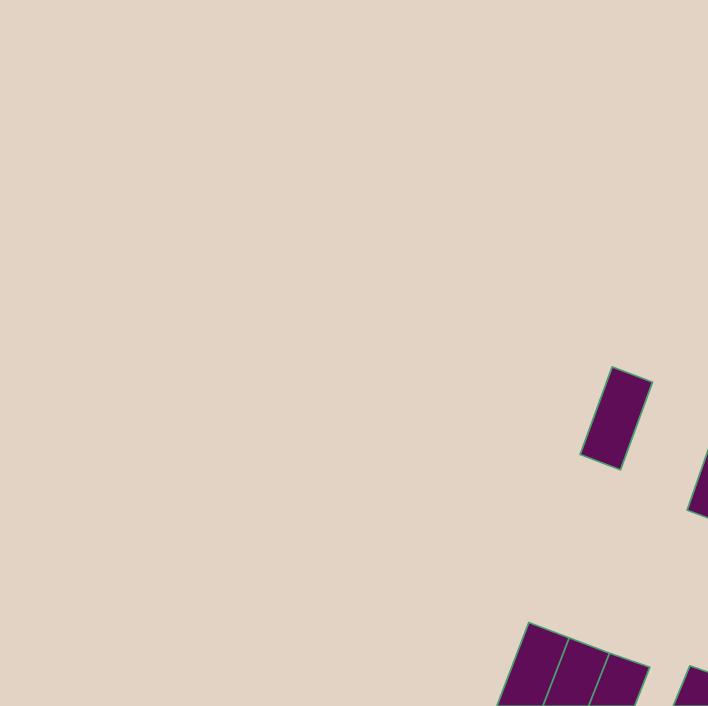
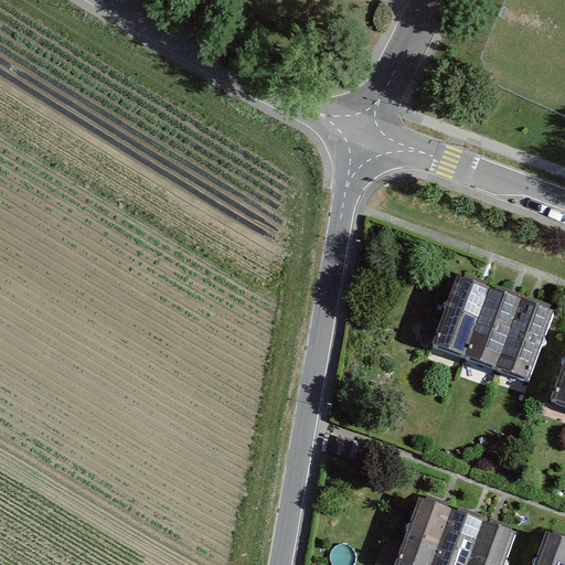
building: none -> [430,280,488,361]
building: none -> [494,303,552,384]

